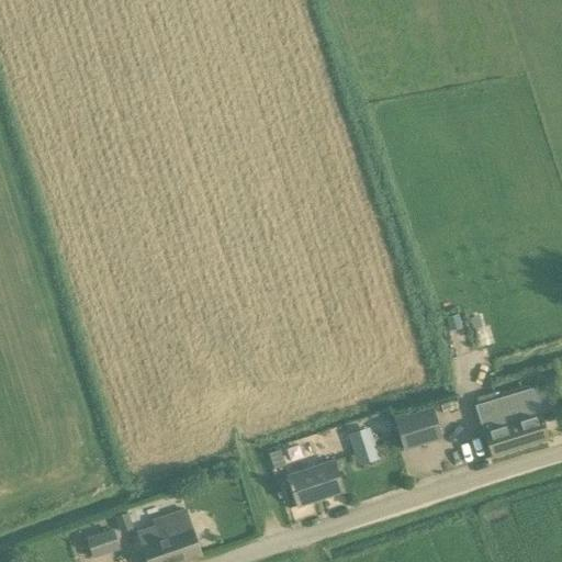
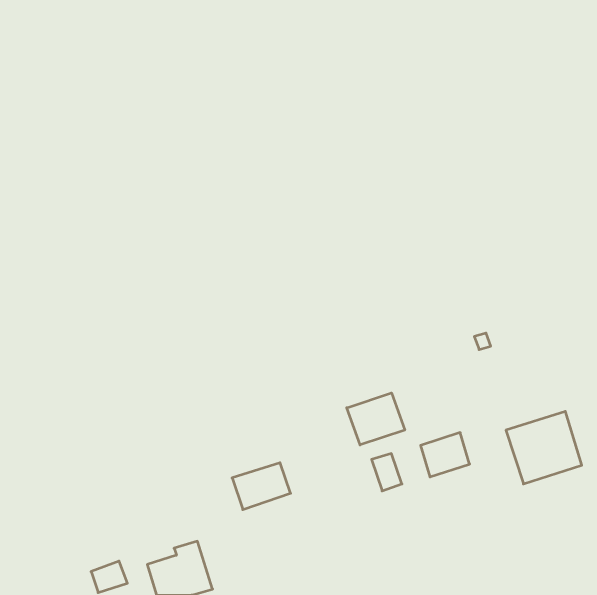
building: none -> [347,393,405,445]
building: [288,460,342,504] -> [232,463,291,510]

